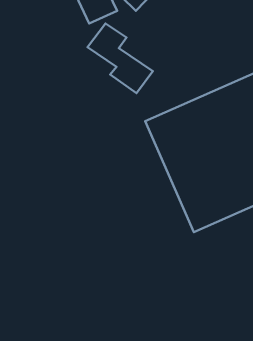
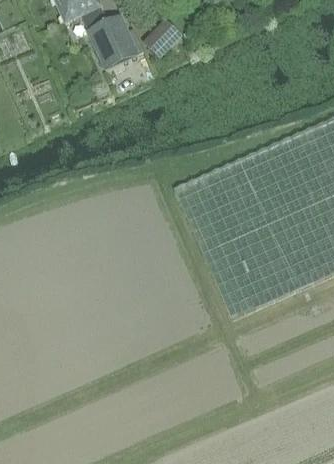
building: [87,23,153,93] -> none

